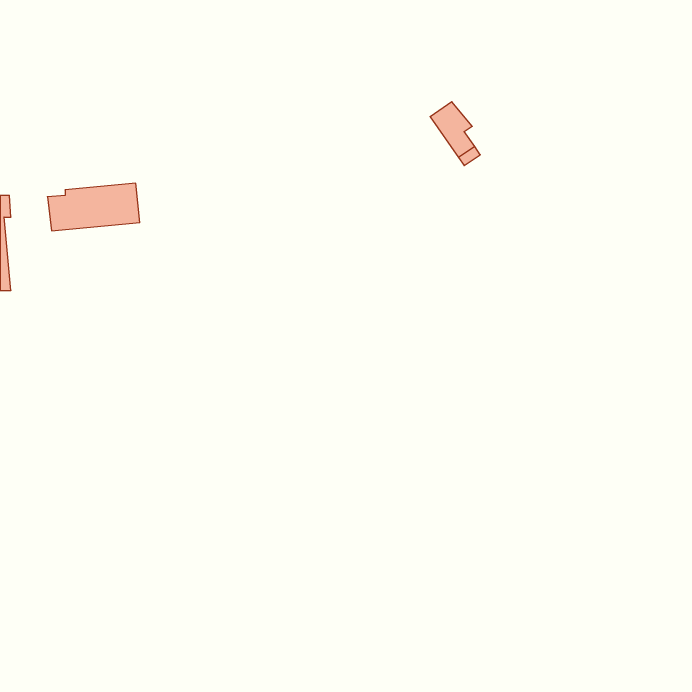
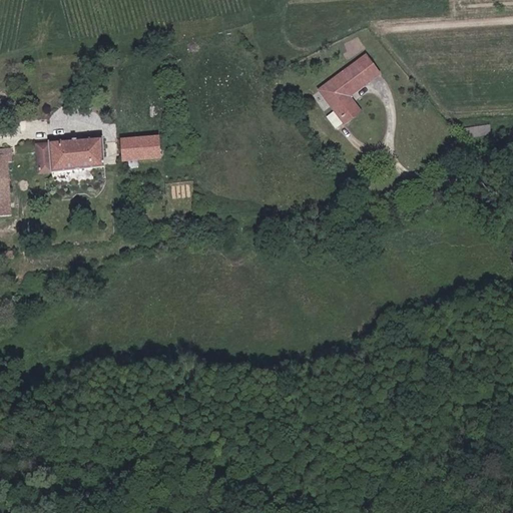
building: none -> [335,54,379,94]
building: none -> [120,135,159,159]

